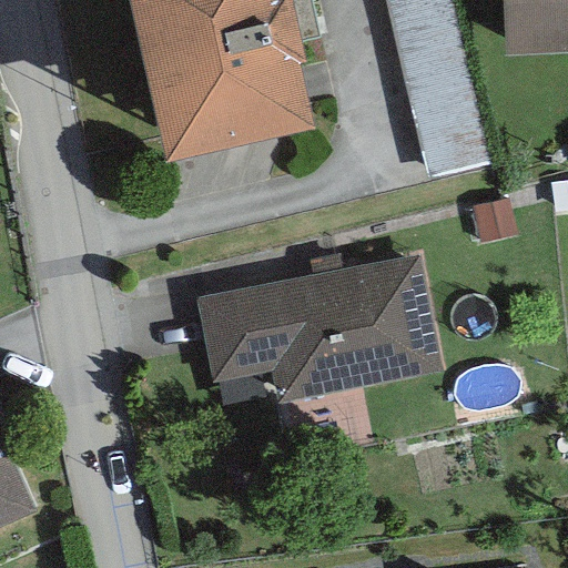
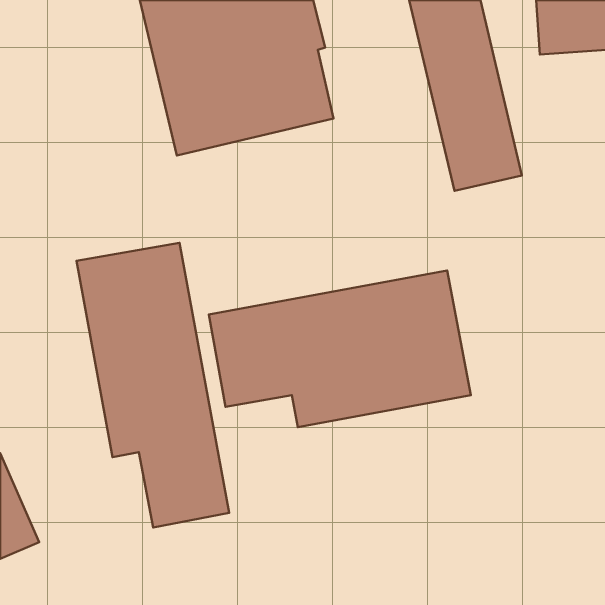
building: none -> [76,243,229,527]

